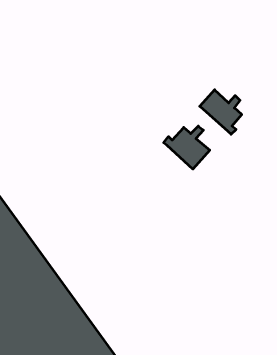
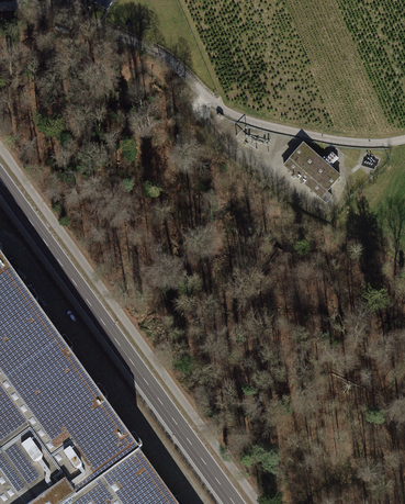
building: [164,126,210,169] -> none

